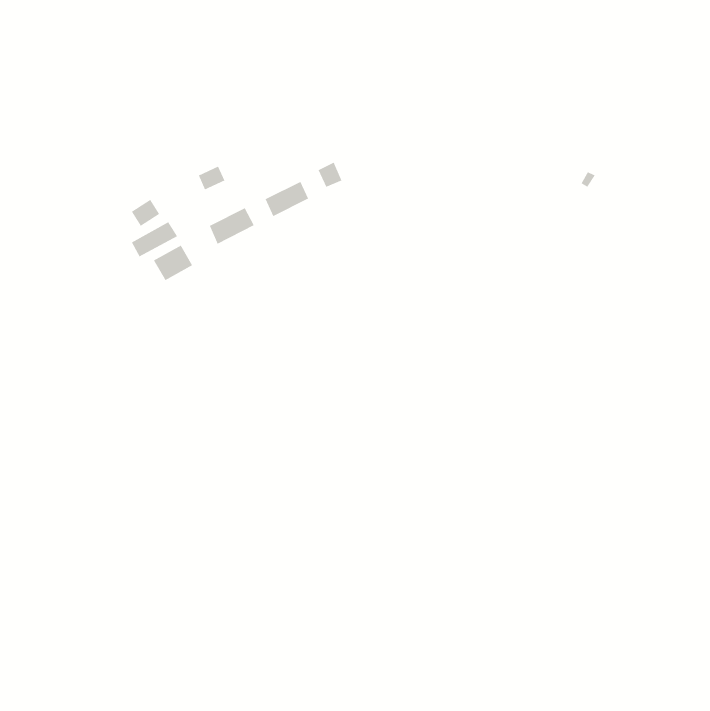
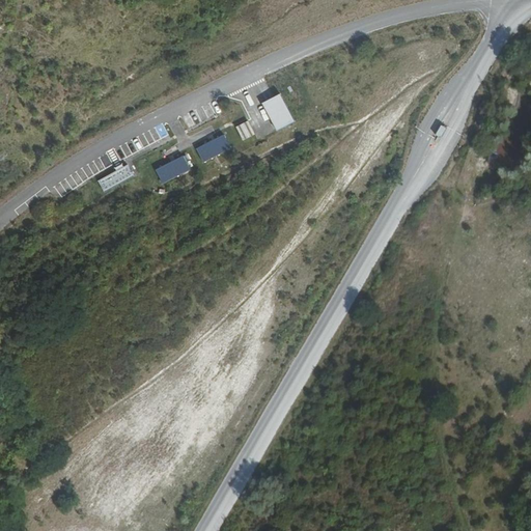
building: none -> [261,93,294,130]
building: [153,245,193,281] -> none

